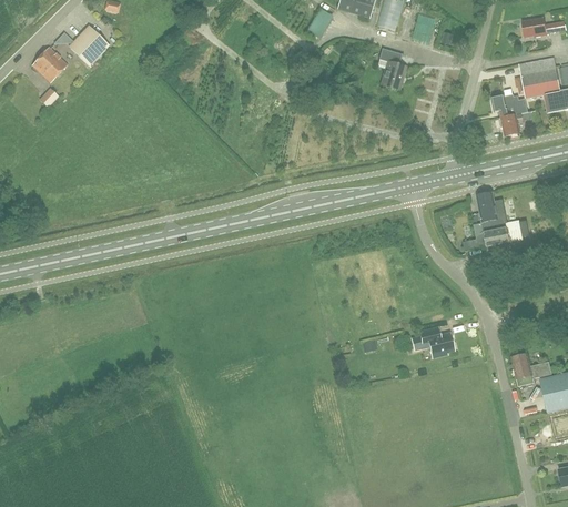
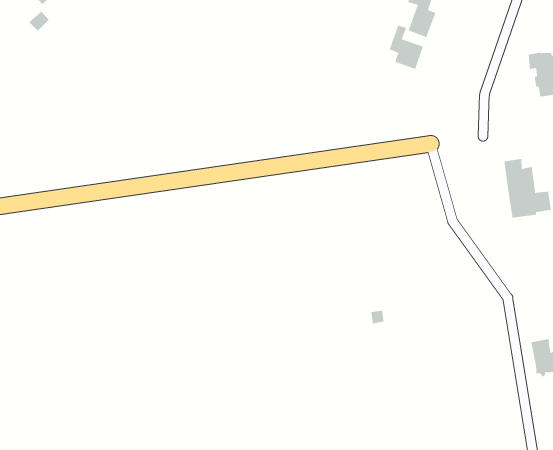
building: none -> [389,25,423,70]
building: [419,326,454,356] -> none

